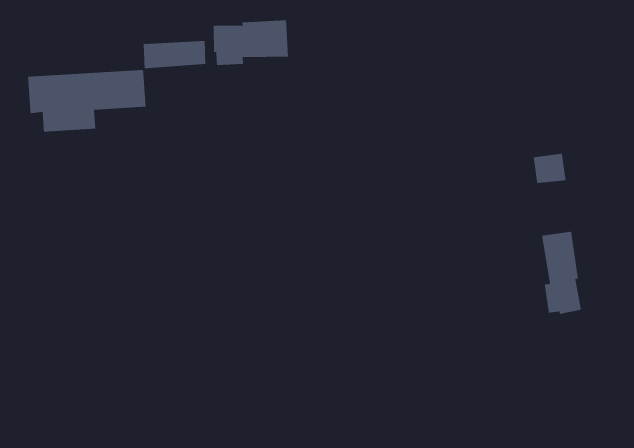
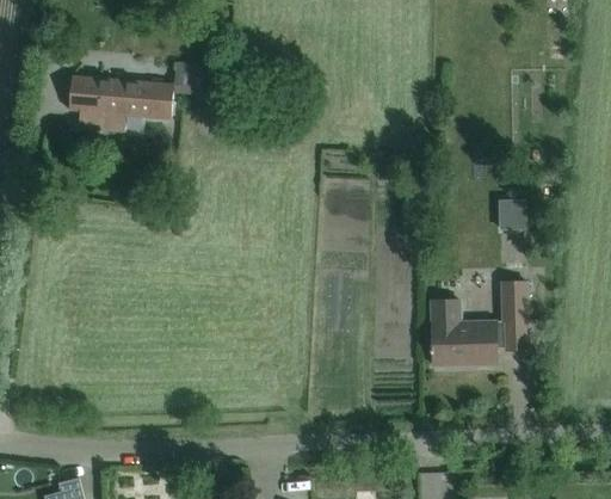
building: [213,19,289,66] -> none
building: none -> [428,300,495,365]

